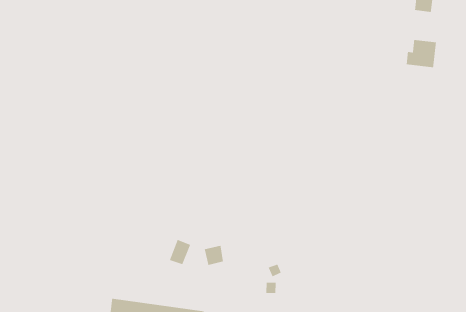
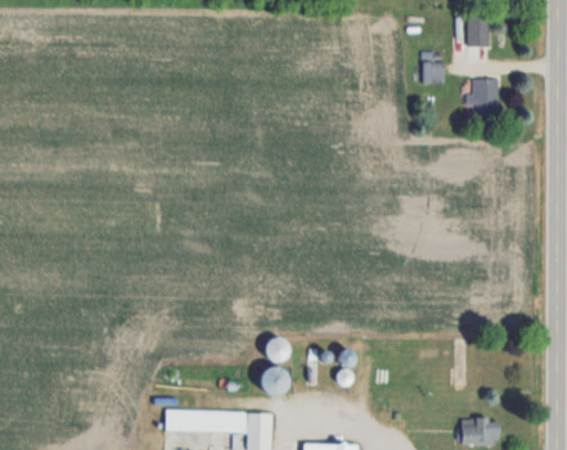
building: none -> [422,61,444,83]
building: [169,239,191,265] -> [260,366,284,395]

